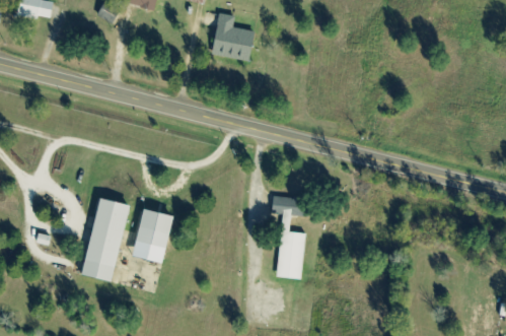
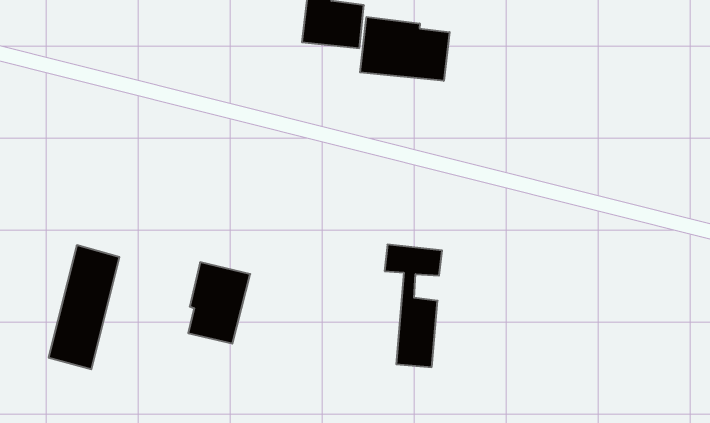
building: none -> [360,17,450,81]
building: [82,196,131,281] -> [49,245,119,369]

